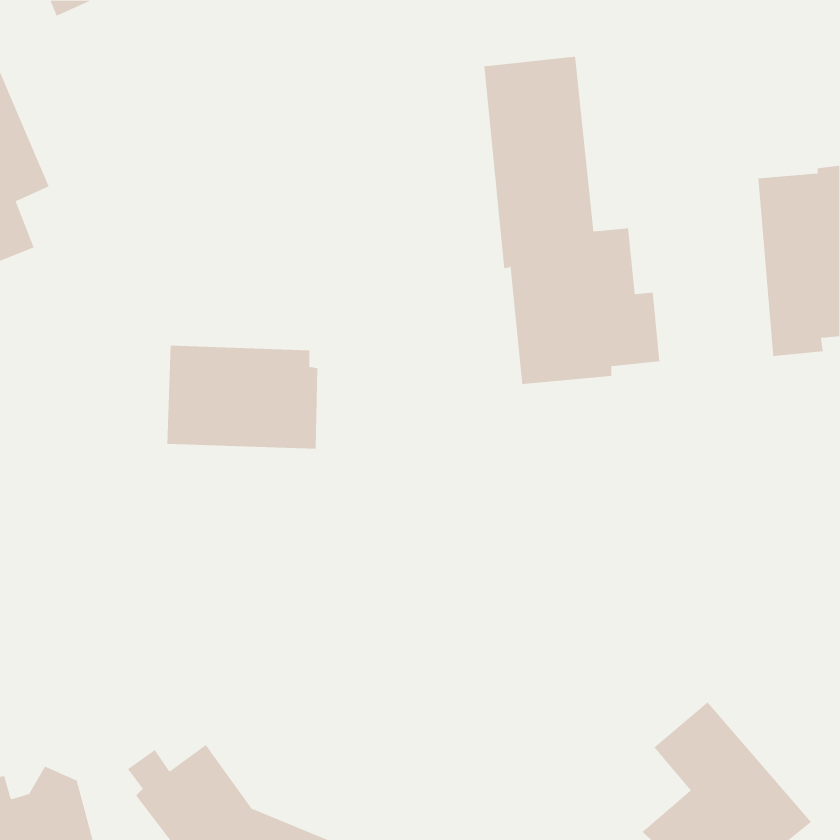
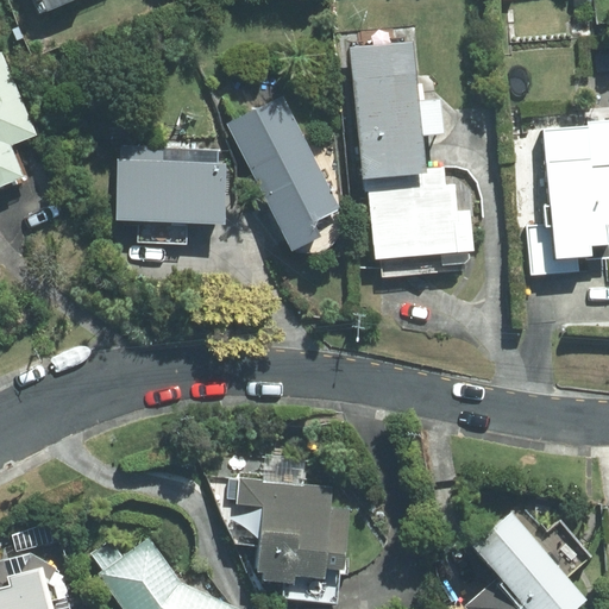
building: none -> [226,96,341,252]
building: [166,345,318,449] -> [117,149,226,224]
building: none -> [237,478,349,603]

